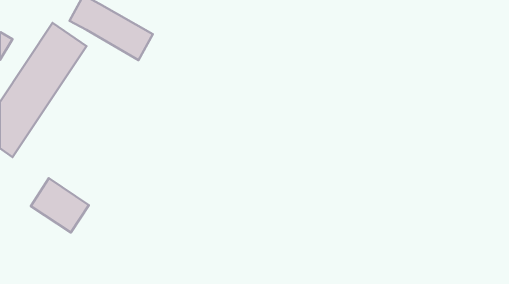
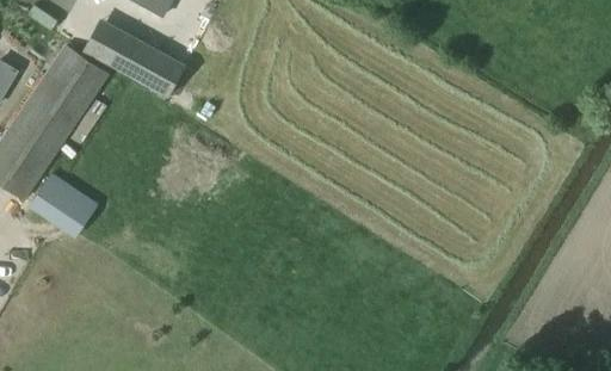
building: [31,178,89,232] -> [32,173,101,237]

